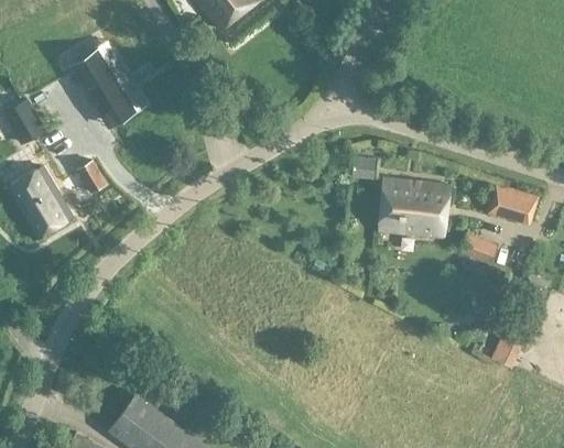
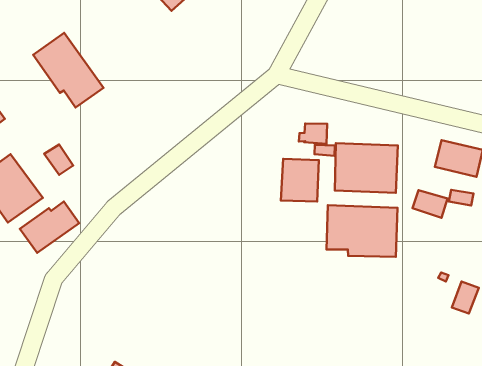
building: none -> [281,159,319,202]
building: none -> [20,202,79,253]
building: none -> [327,205,398,257]

